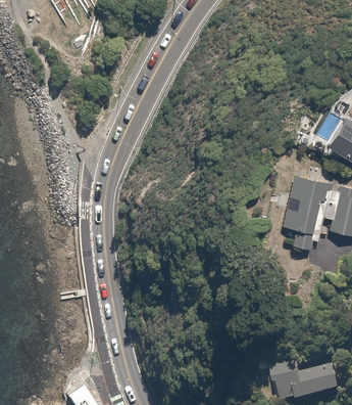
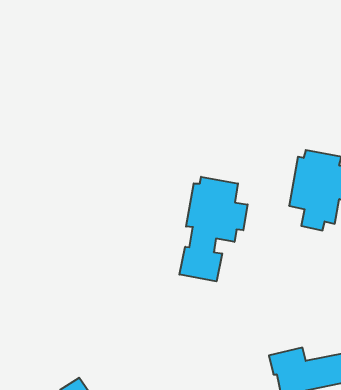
building: none -> [179,177,248,281]

